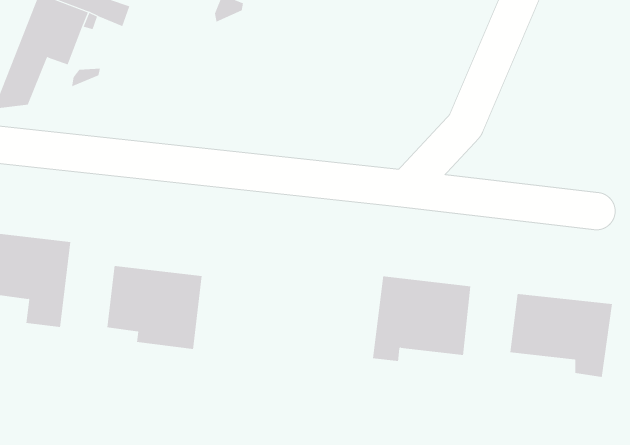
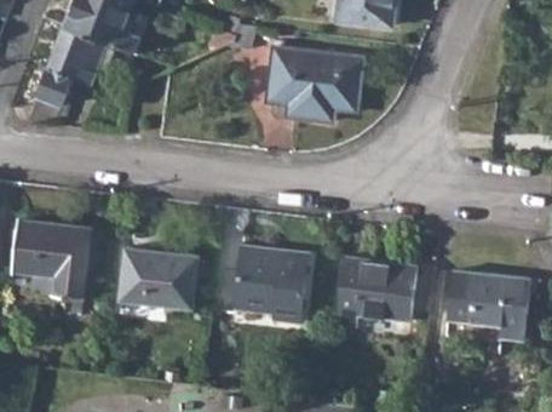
building: none -> [265,47,358,119]
building: none -> [232,247,306,322]

